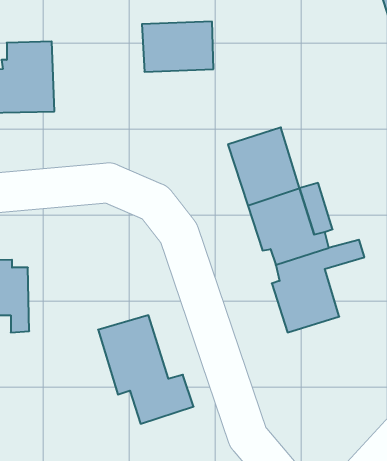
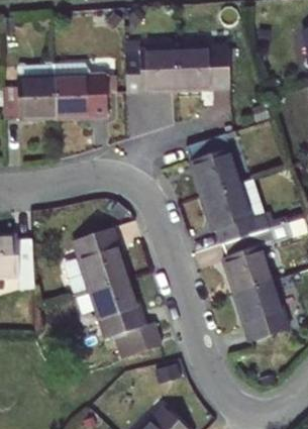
building: none -> [174,41,224,102]
building: none -> [52,66,103,121]
building: none -> [73,228,125,288]
building: none -> [231,278,286,336]

